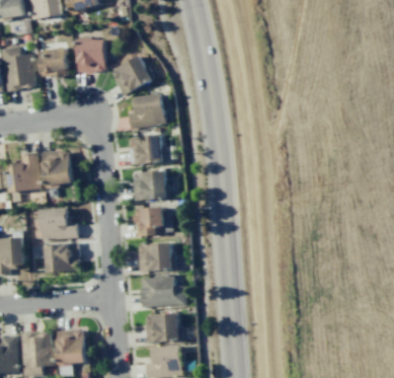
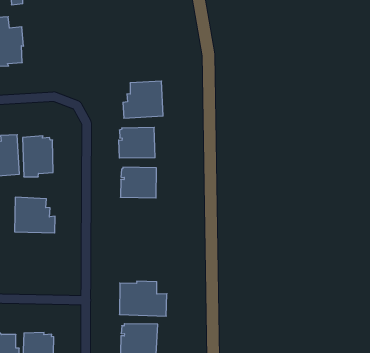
building: [78,36,105,73] -> none
building: [38,48,69,78] -> none
building: [112,55,153,96] -> none
building: [135,206,173,235] -> none
building: [140,242,173,272] -> none
building: [42,243,79,272] -> none

